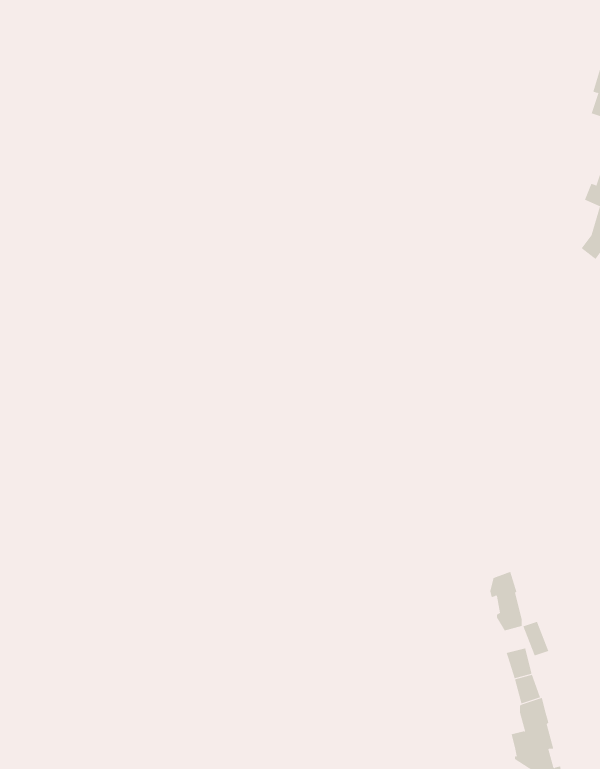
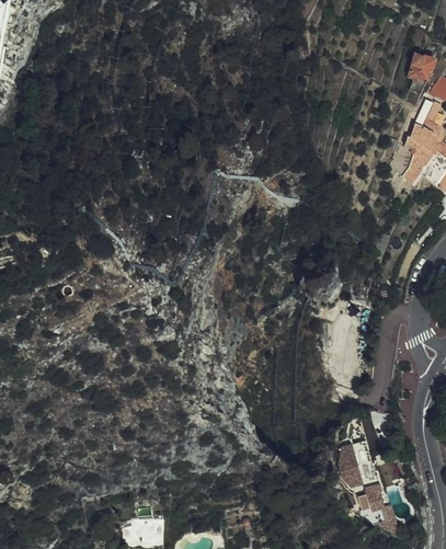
building: [489,571,523,631] -> [339,448,361,488]

